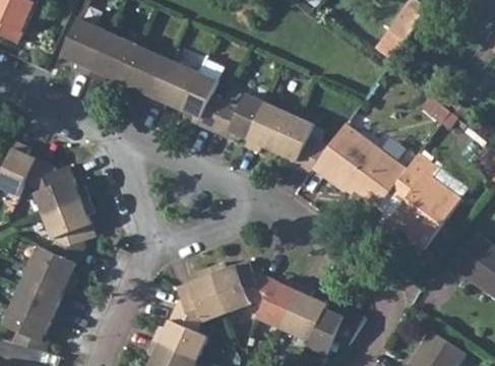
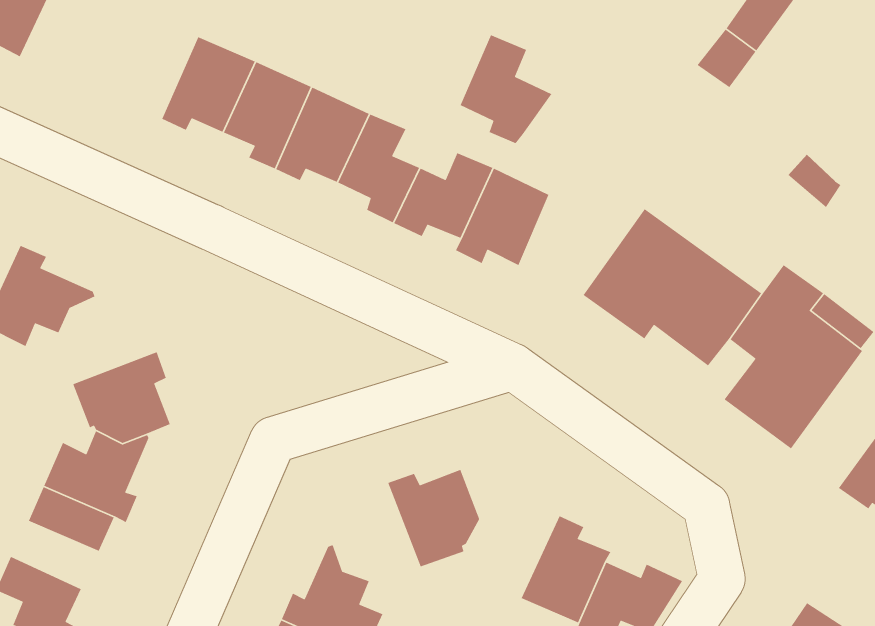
building: [62,18,110,76] -> none
building: [279,116,327,174] -> [460,34,552,144]
building: [35,166,88,216] -> none
building: [176,267,227,321] -> none
building: [251,272,300,328] -> none
building: [11,288,58,323] -> none

